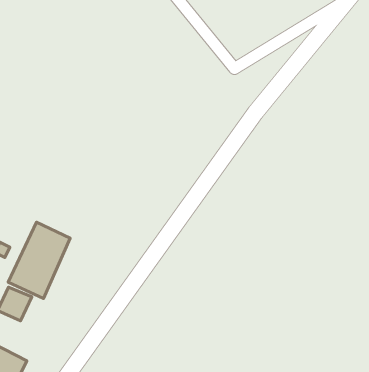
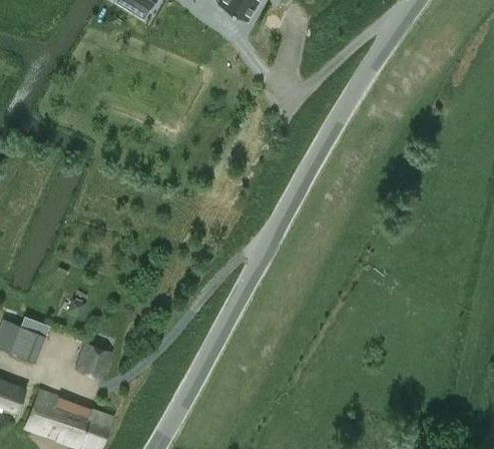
building: [8,222,70,298] -> none

